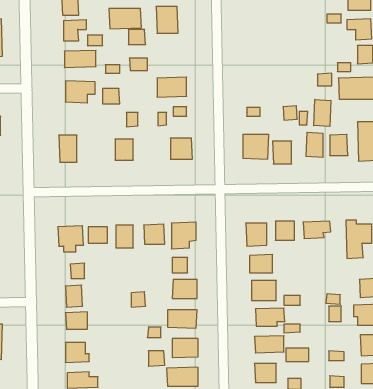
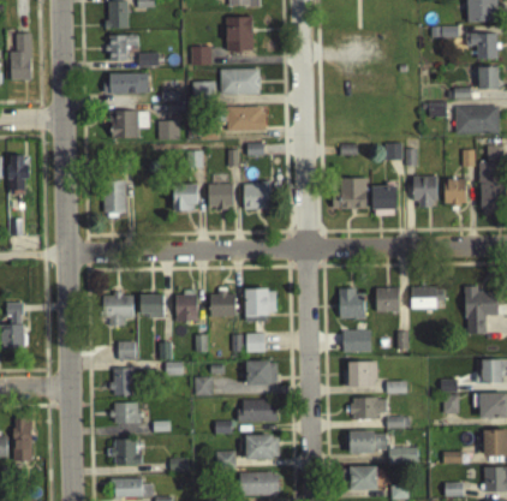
building: [109,9,141,29] -> [220,68,261,94]
building: [314,99,331,126] -> none
building: none -> [209,184,234,208]

